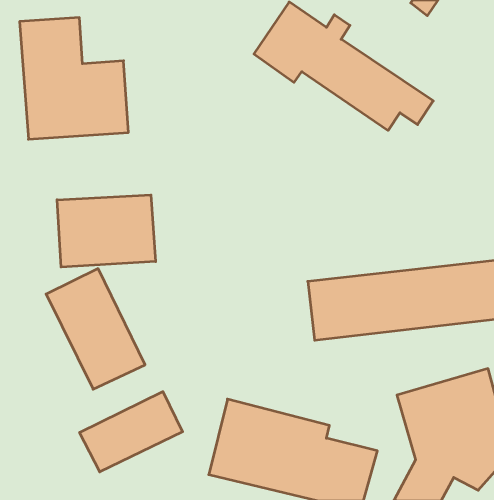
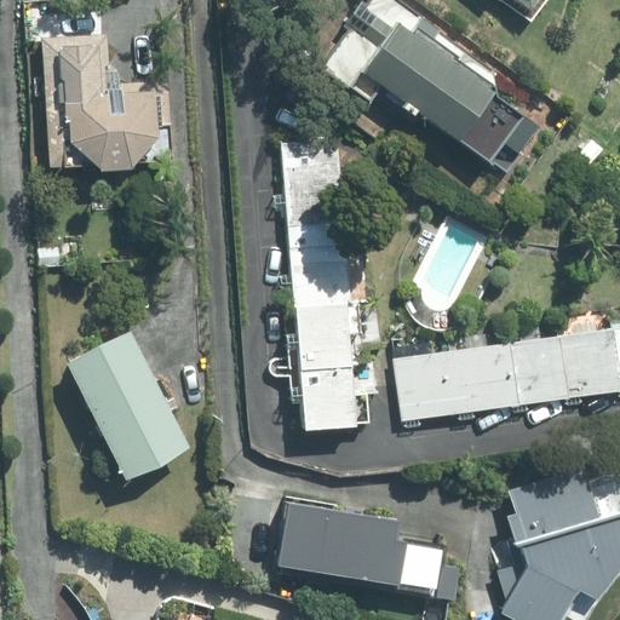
building: none -> [288,140,363,434]
building: [57,195,156,267] -> none
building: [80,392,183,472] -> none

